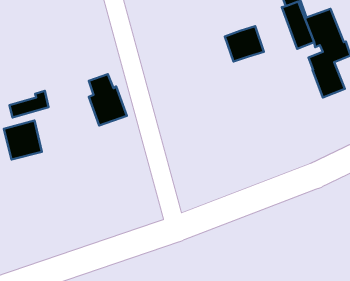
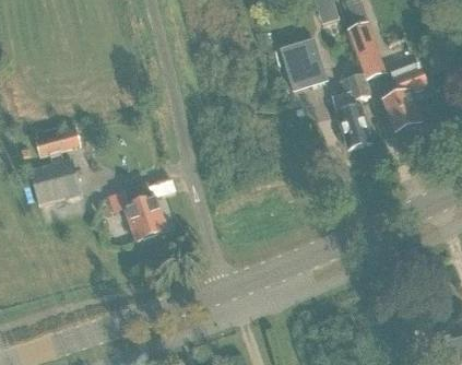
building: none -> [332,72,372,149]
building: [89,74,127,125] -> [125,181,168,240]

